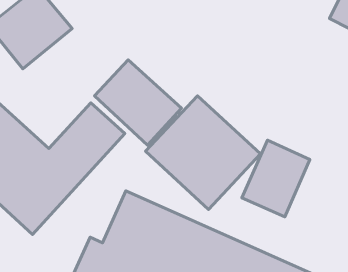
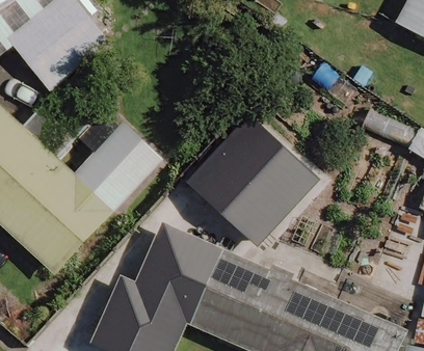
building: [94,60,181,145] -> none
building: [242,140,310,217] -> none

